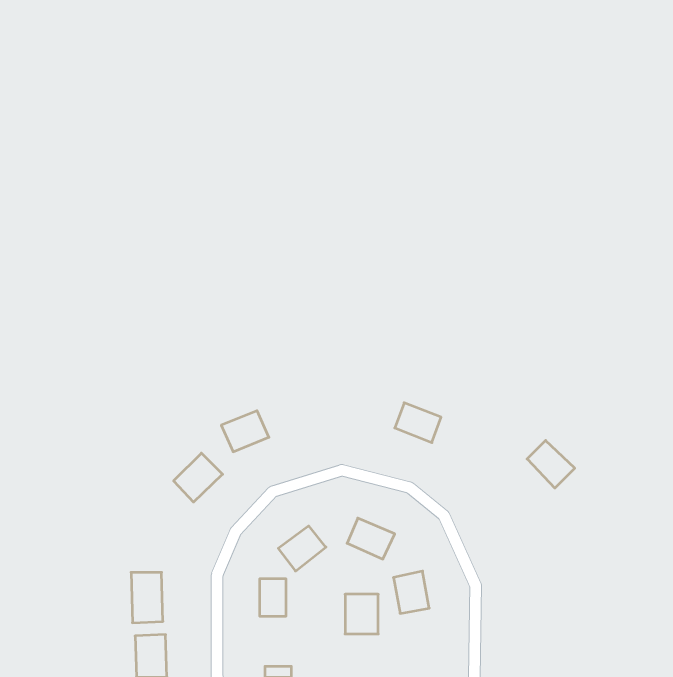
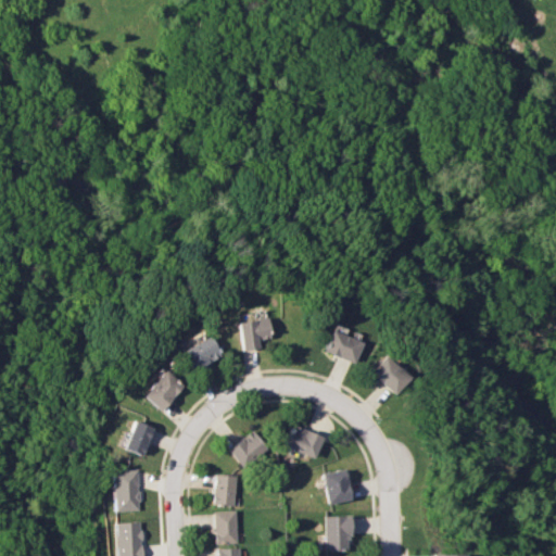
building: none -> [240,318,273,351]
building: [527,440,575,488] -> [375,356,414,395]
building: none -> [124,420,155,456]
building: [345,594,378,634] -> [328,516,355,548]
building: none -> [217,510,239,541]

